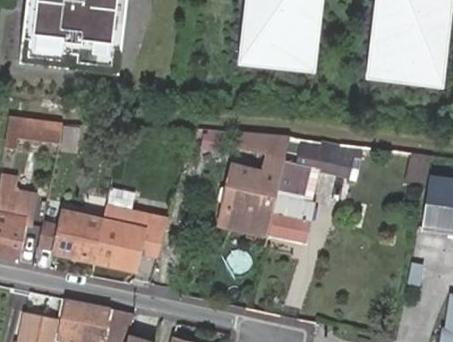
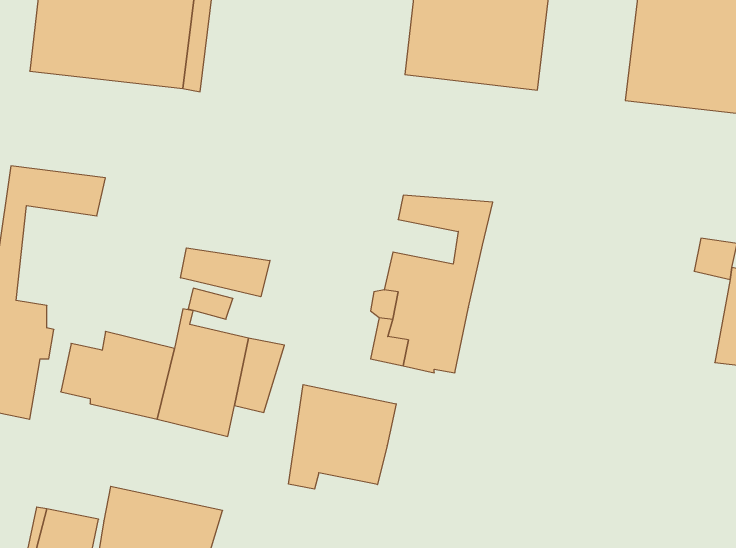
building: [267,141,365,243] -> none
building: none -> [181,248,270,297]
building: none -> [289,385,396,489]

